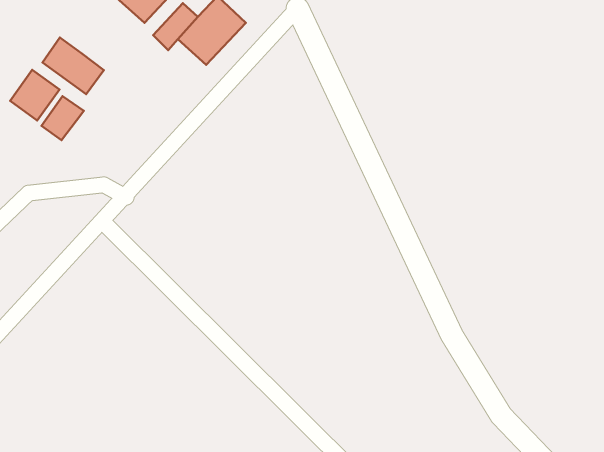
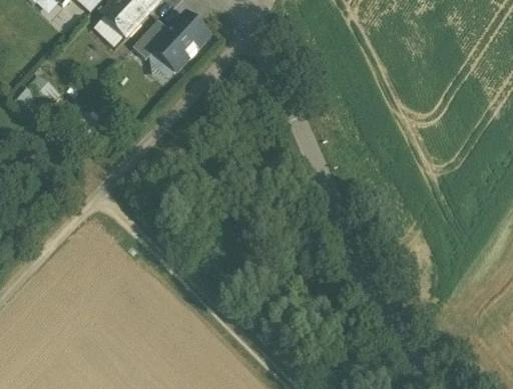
building: [42,38,104,94] -> none
building: [41,96,84,140] -> none

